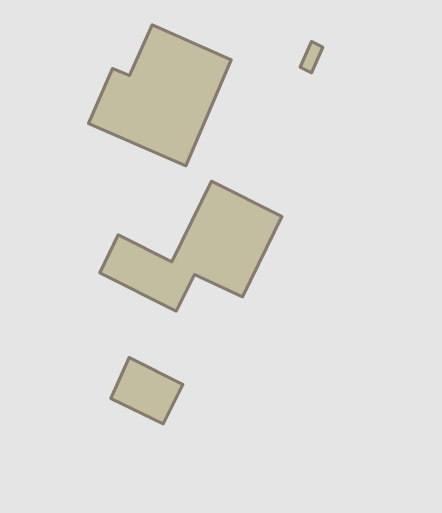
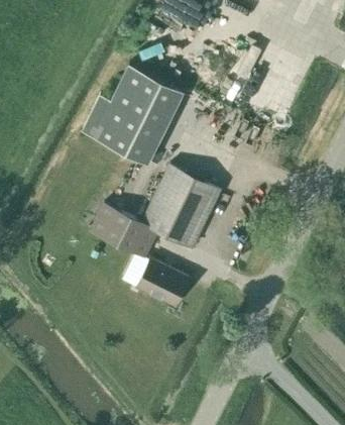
building: [111,358,183,424] -> [137,261,189,309]

